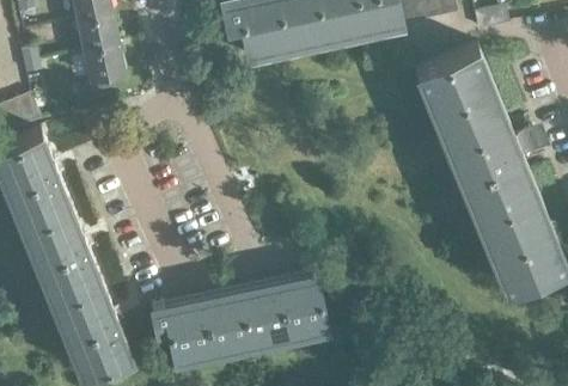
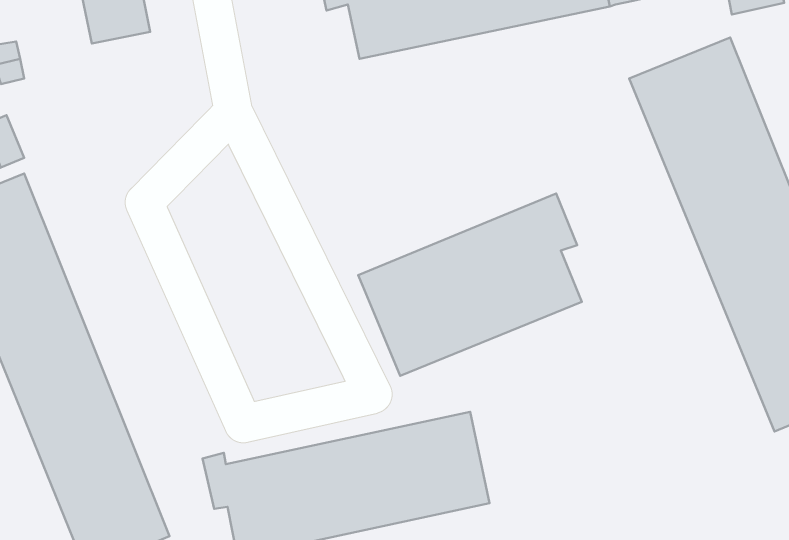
building: [83,43,126,92] -> none
building: none -> [358,194,582,376]

